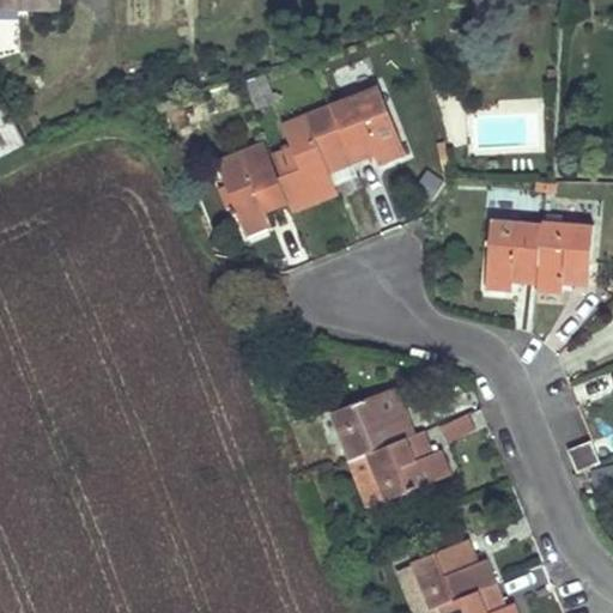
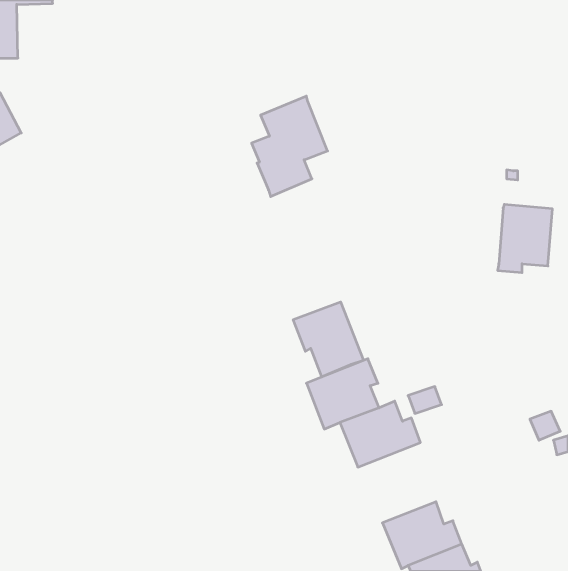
building: [329,89,402,164] -> none
building: [213,141,287,235] -> none
building: [484,219,539,290] -> none
building: none -> [293,302,363,377]

